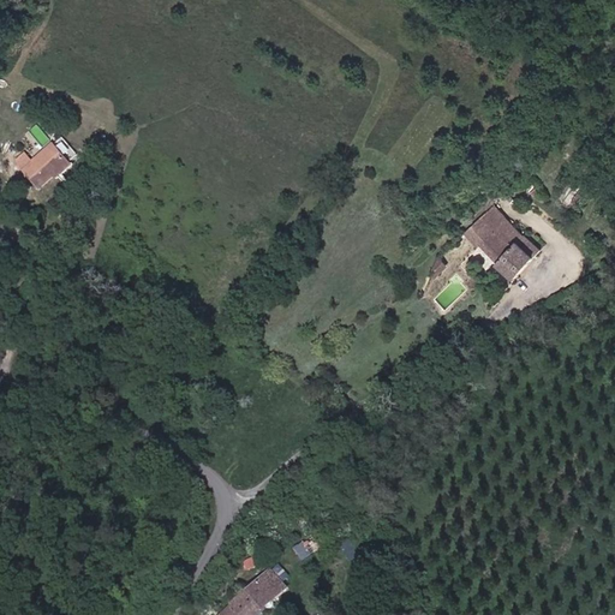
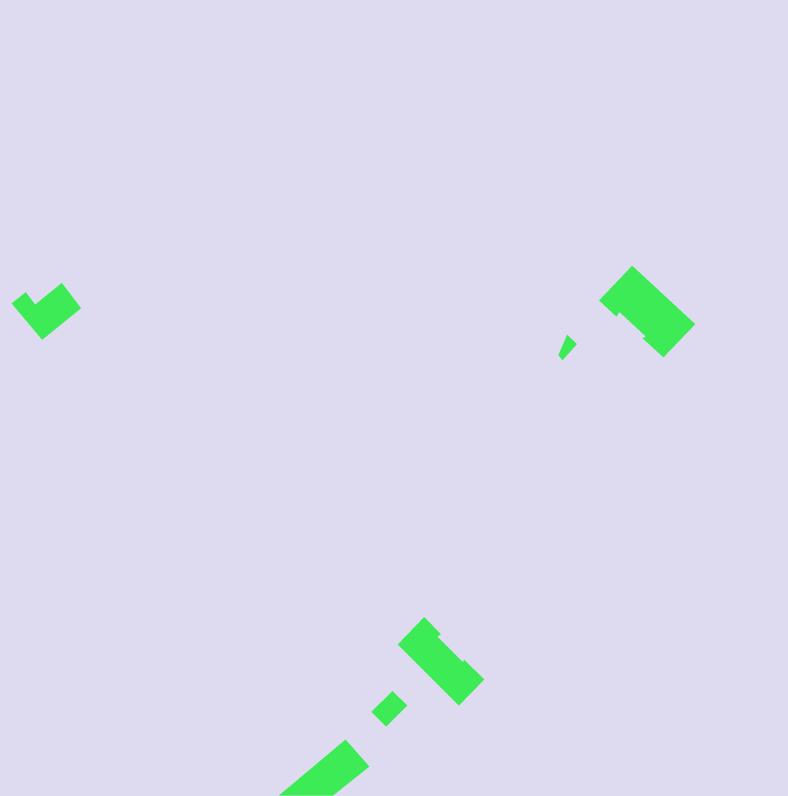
building: [13,144,68,190] -> [11,282,82,341]
building: none -> [397,616,485,707]

